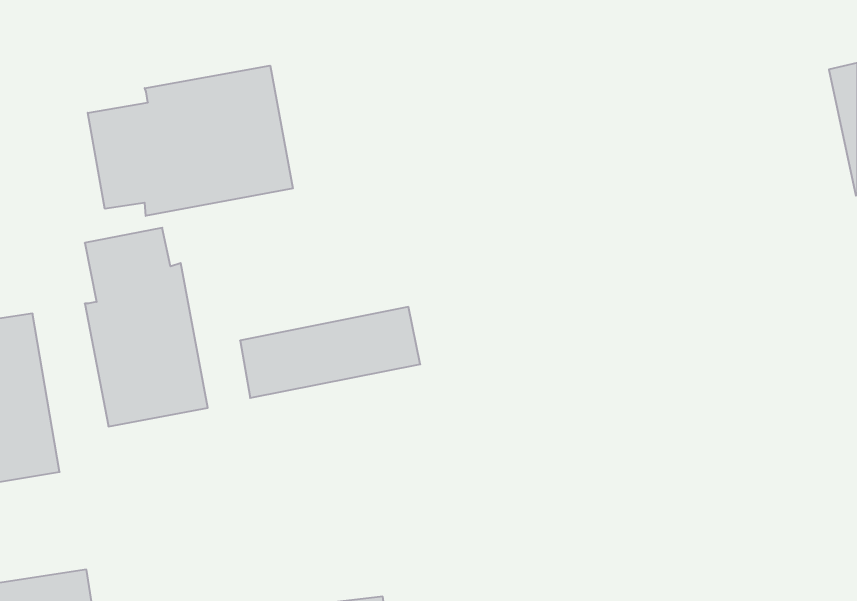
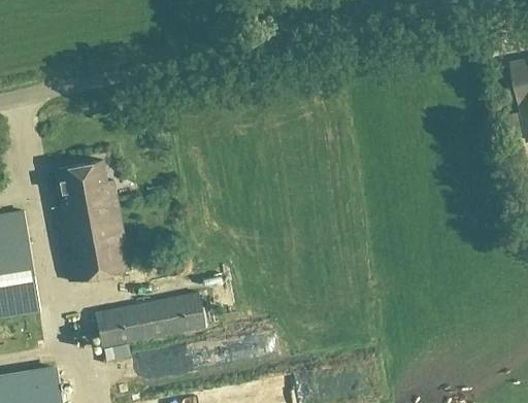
building: [88,66,293,216] -> none
building: [240,307,420,398] -> [94,293,204,348]

